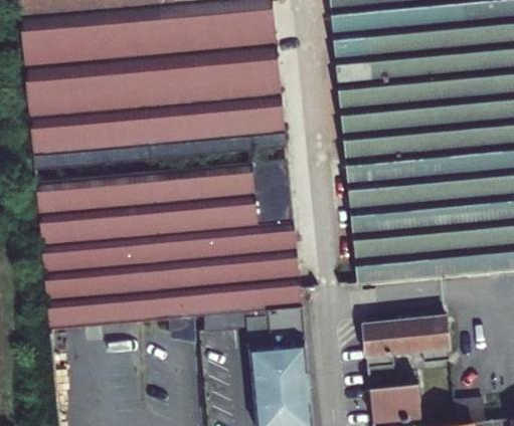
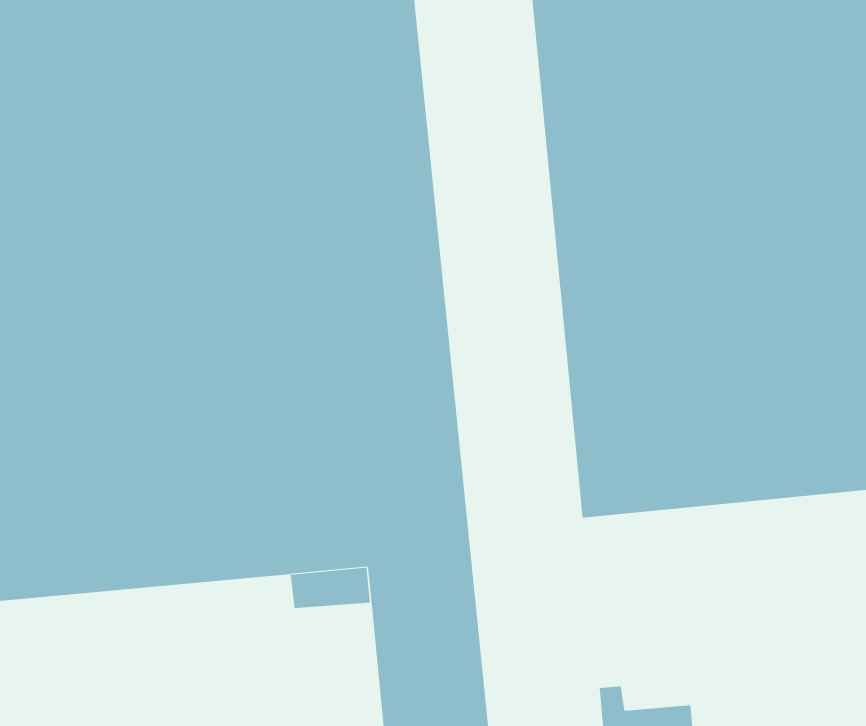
building: [364,314,452,367] -> none

